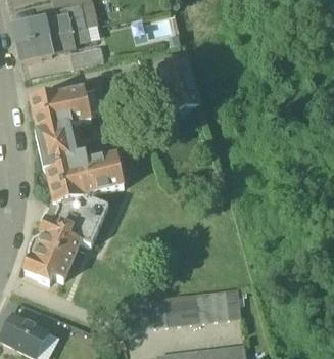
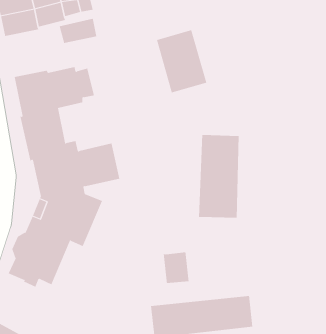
building: none -> [198,134,239,218]
building: none -> [163,251,189,284]

